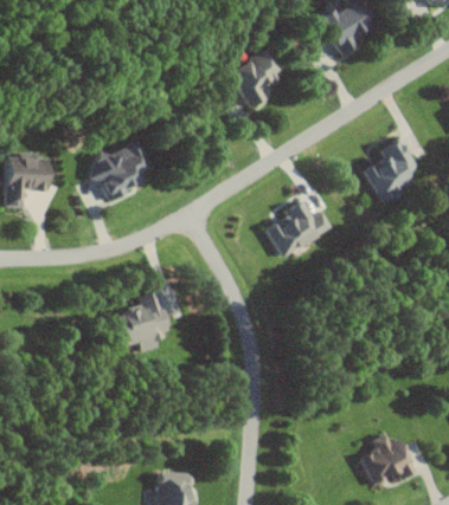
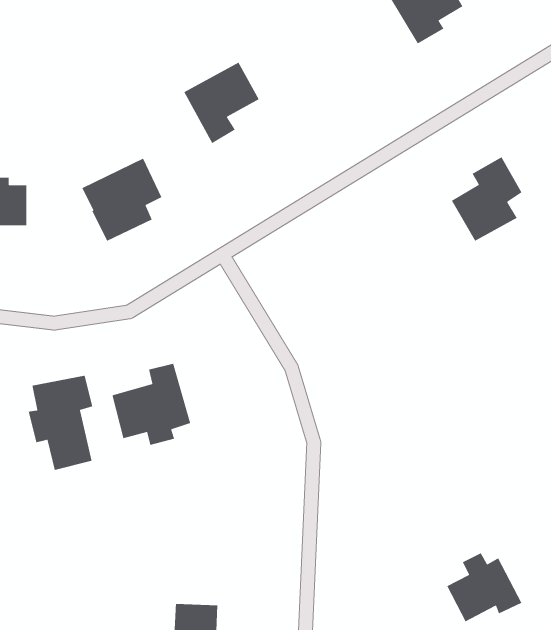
building: [226,46,283,108] -> [183,61,260,144]
building: [265,200,333,255] -> none
building: none -> [28,375,93,471]

